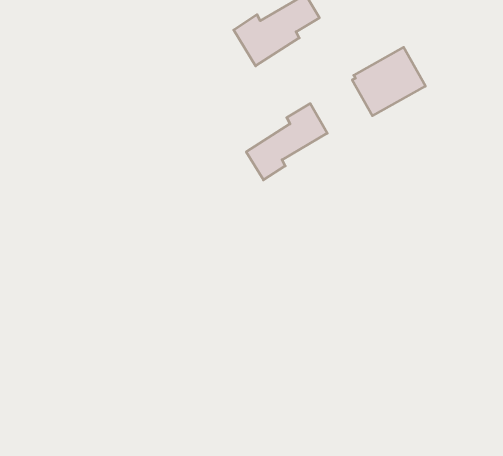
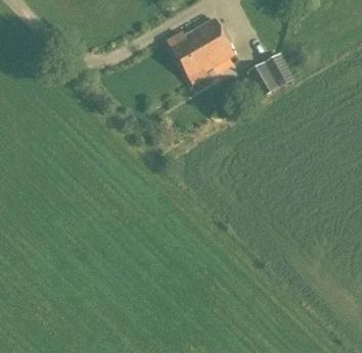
building: [246,104,327,180] -> [182,34,235,84]

